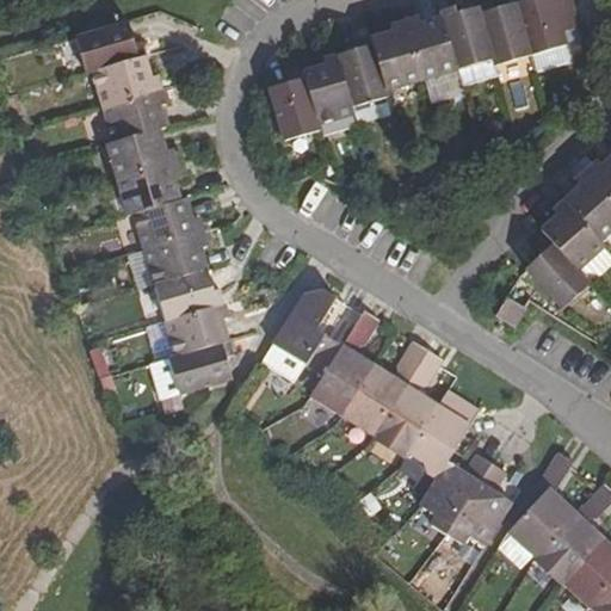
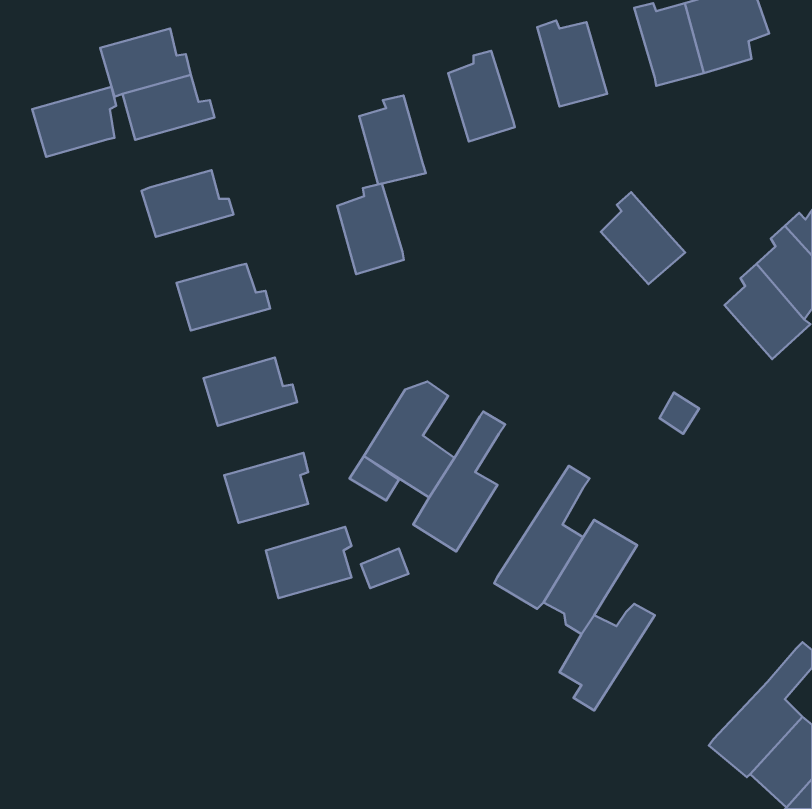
building: [439,6,492,70] -> none
building: [369,20,420,91] -> none
building: [303,55,353,123] -> [337,184,404,274]
building: [101,88,165,141] -> [32,87,116,157]
building: [117,161,179,215] -> none
building: [143,232,206,284] -> none
building: [529,237,592,307] -> [601,192,685,284]
building: [163,302,228,356] -> [266,527,352,598]
building: [342,340,427,433] -> none
building: [508,451,576,555] -> none
building: [446,462,512,545] -> none

